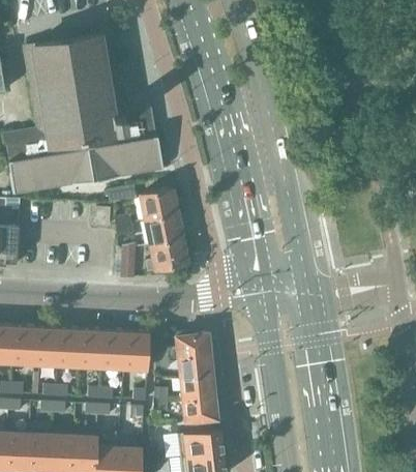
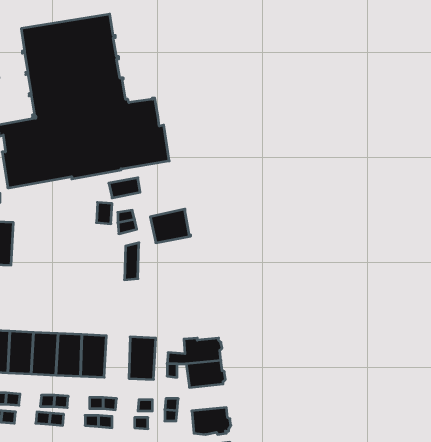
building: [139,187,176,219] -> none
building: [144,237,186,270] -> none
building: [101,329,125,368] -> none
building: [180,374,215,399] -> none

